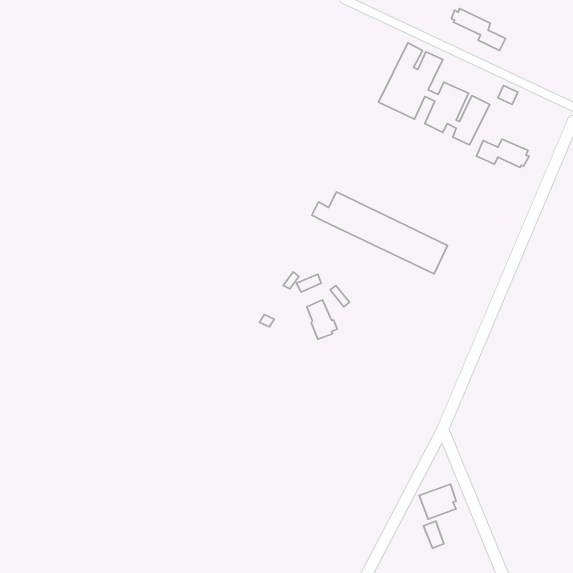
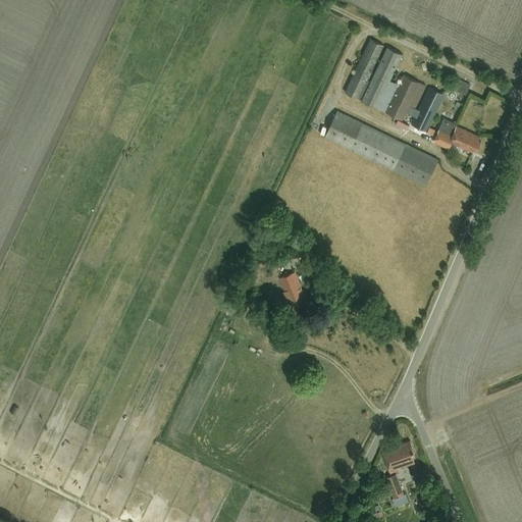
building: [452,9,506,51] -> none
building: [312,192,448,274] -> [314,111,437,186]

